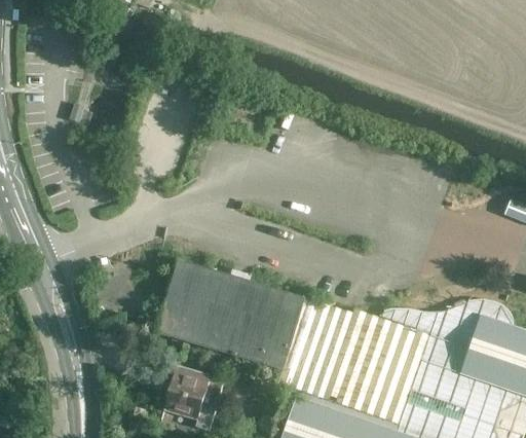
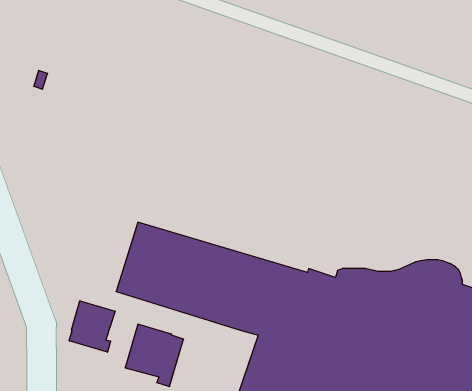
building: none -> [69,301,115,352]

